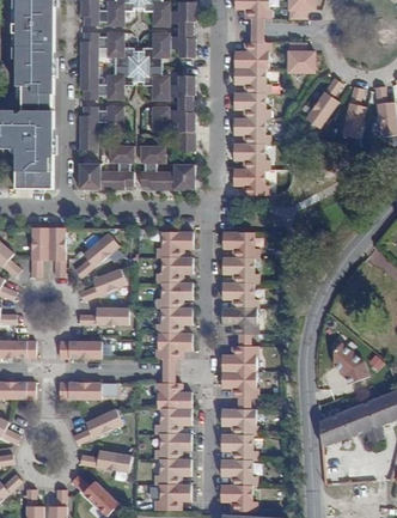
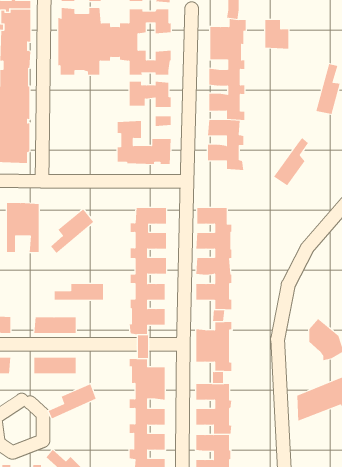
building: [305,79,341,128] -> [273,137,309,186]
building: [81,105,126,150] -> none
building: [81,146,135,188] -> none
building: [78,269,126,303] -> none
building: [79,451,130,474] -> none

